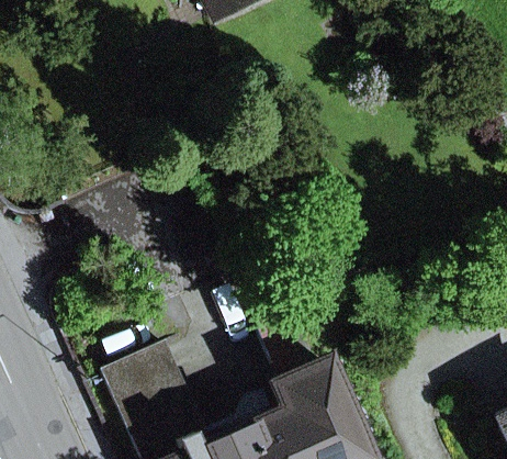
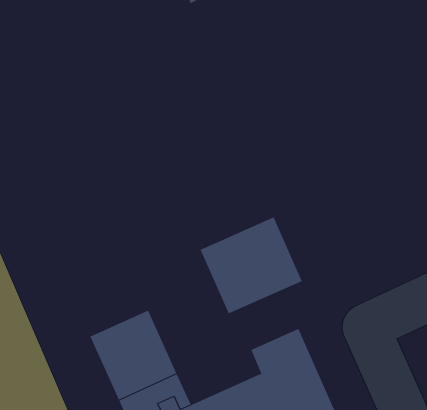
building: none -> [200,217,303,314]

